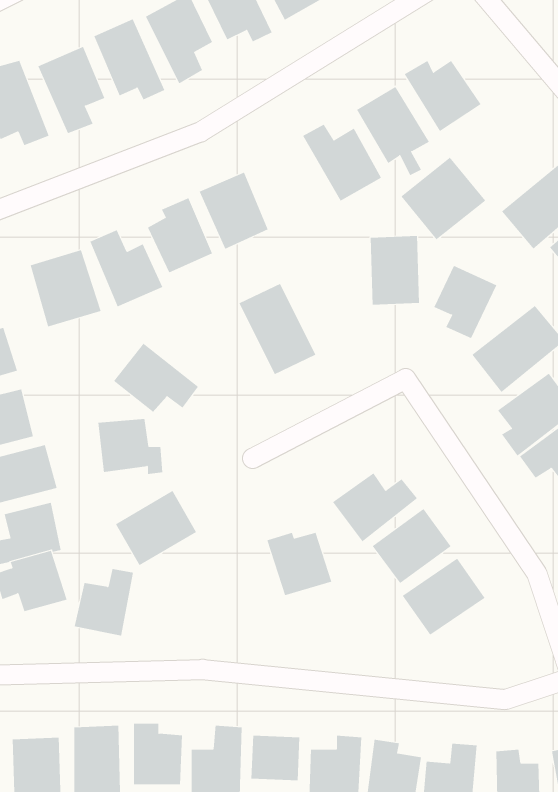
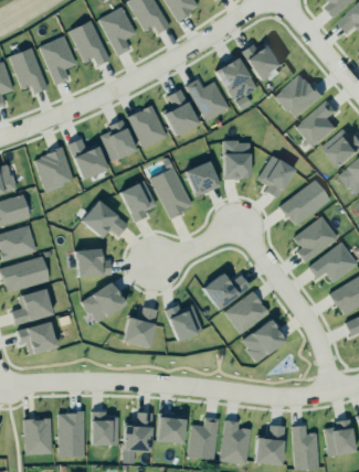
building: none -> [163,89,199,137]
building: [400,157,486,240] -> [275,74,323,120]
building: none -> [182,155,219,195]
building: none -> [117,176,155,219]
building: [74,569,134,636] -> [119,303,152,341]

